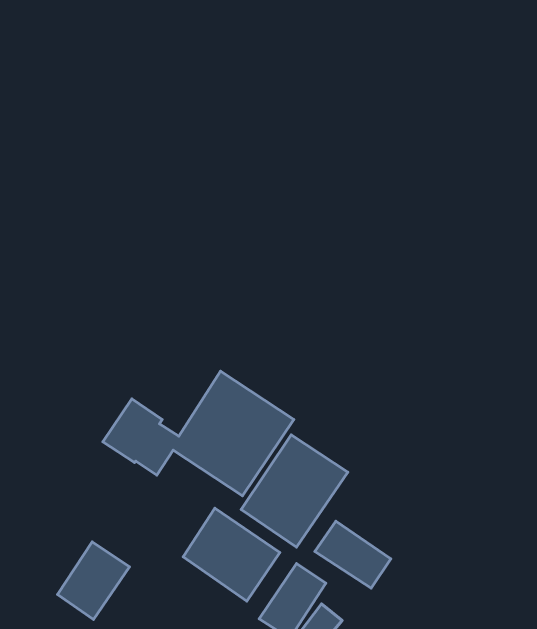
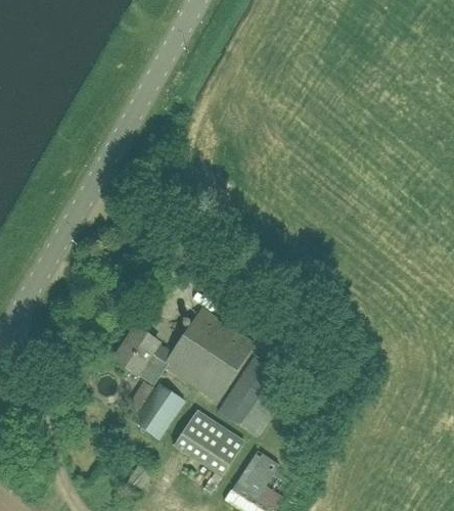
building: [315,521,391,588] -> none
building: [57,542,129,619] -> [130,381,183,438]

